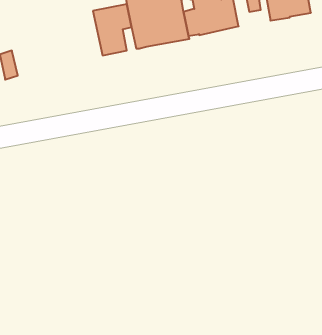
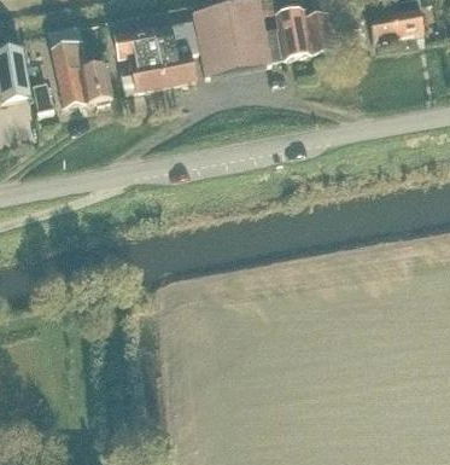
building: none -> [113,29,163,93]
building: none -> [52,41,112,107]

